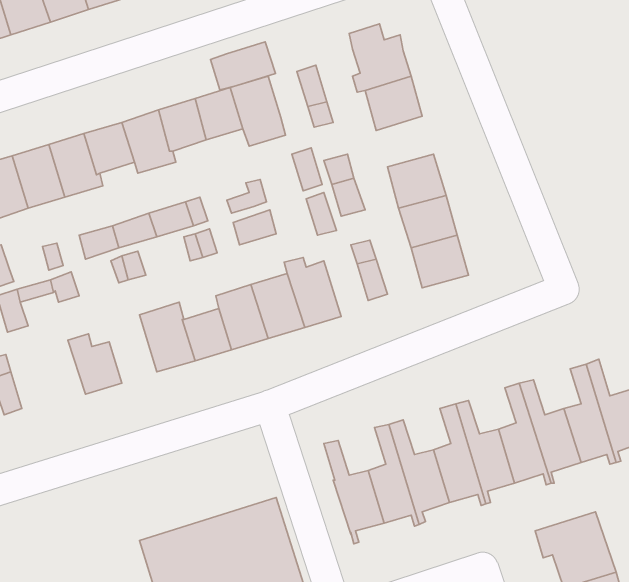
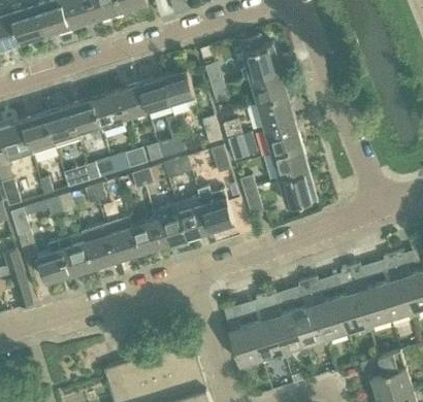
building: [210,42,276,90] -> none
building: none -> [257,95,294,128]
building: none -> [82,224,115,268]
building: none -> [35,240,68,282]

